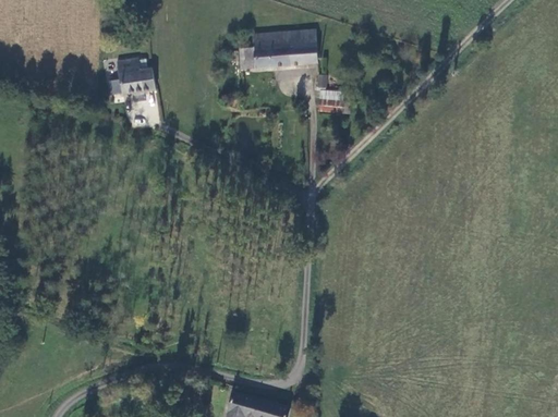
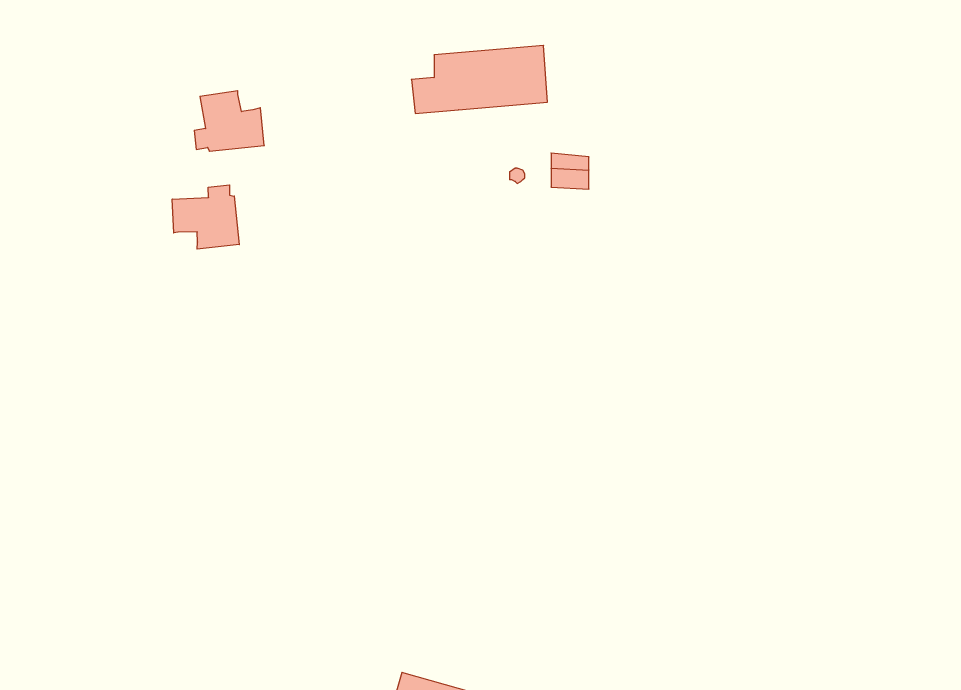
building: none -> [172,185,239,249]

